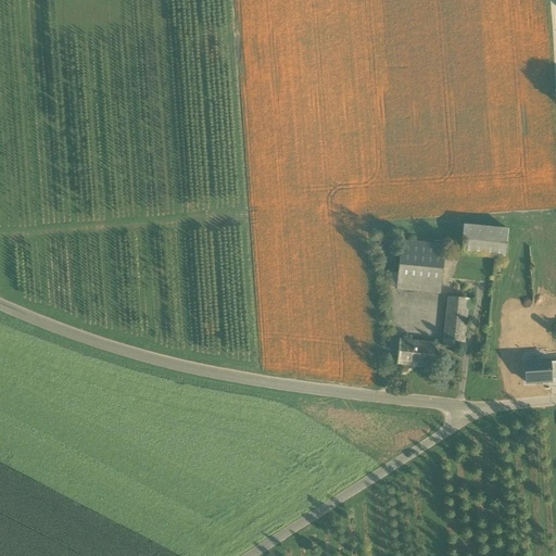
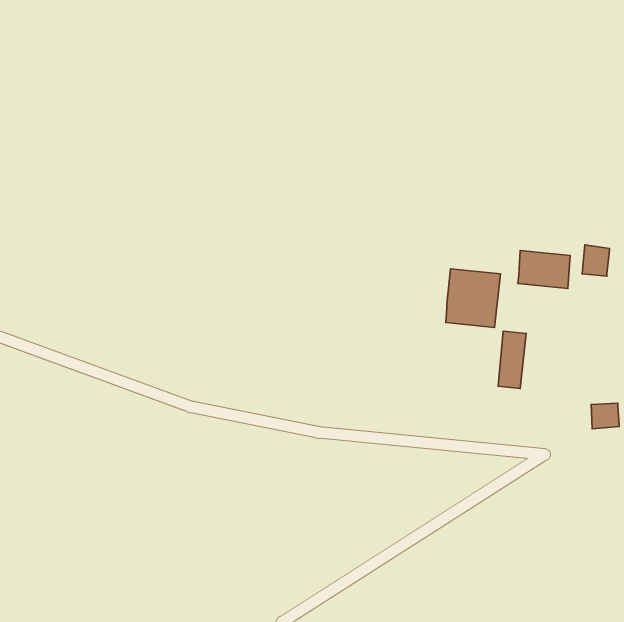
building: none -> [582,245,609,276]
building: [397,339,434,365] -> none

